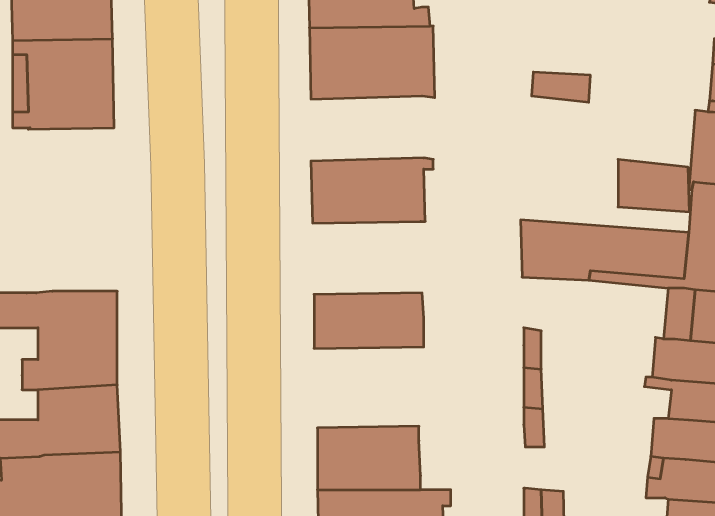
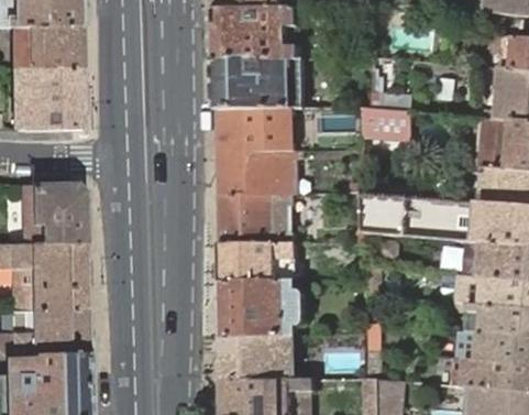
building: none -> [217,108,295,153]
building: [618,159,690,212] -> [361,107,410,143]
building: none -> [18,184,82,244]
building: none -> [218,195,299,245]
building: none -> [219,282,304,338]

